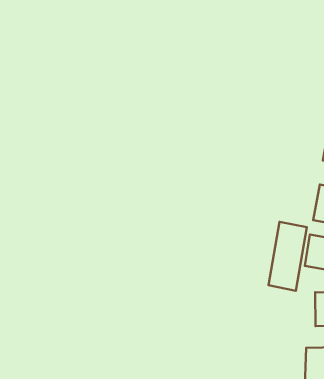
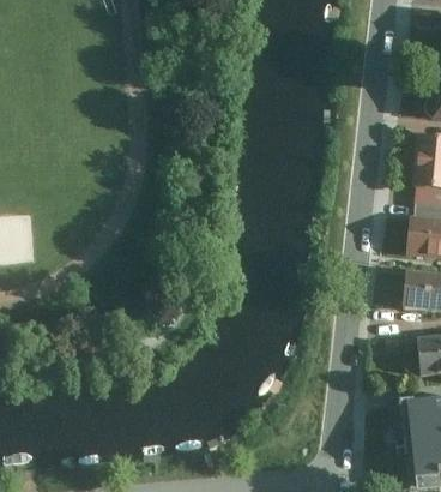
building: [268,222,307,291] -> none

